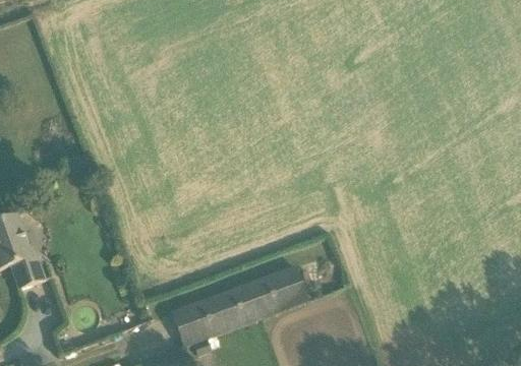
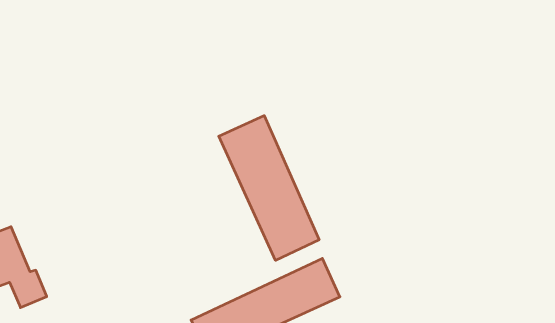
building: none -> [219,116,319,260]

